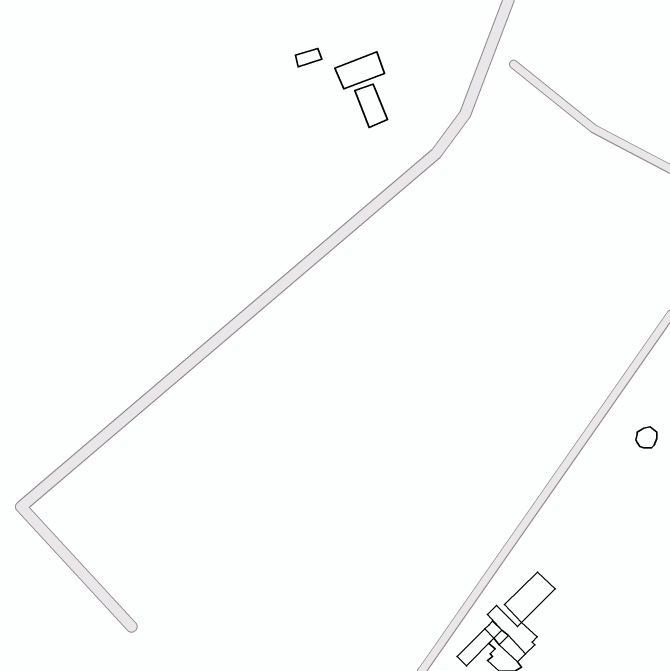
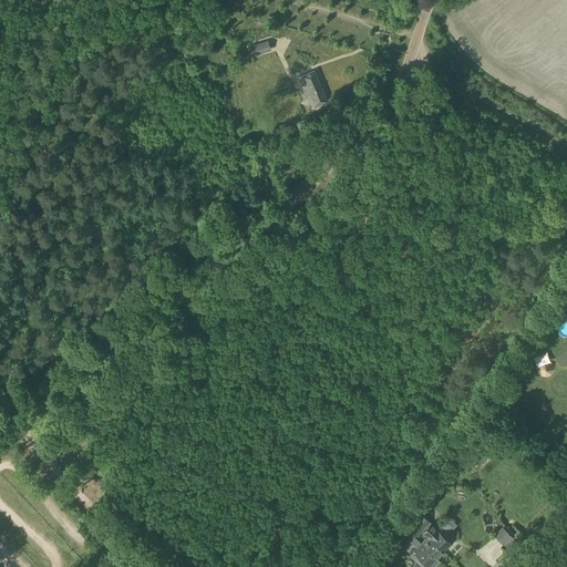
building: [335,52,385,89] -> none
building: [505,572,555,622] -> none

